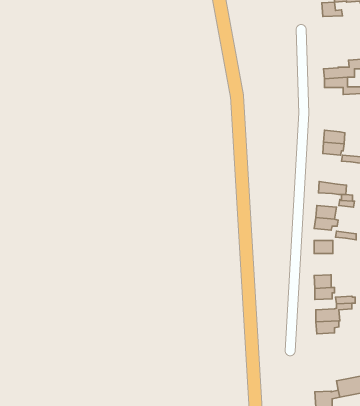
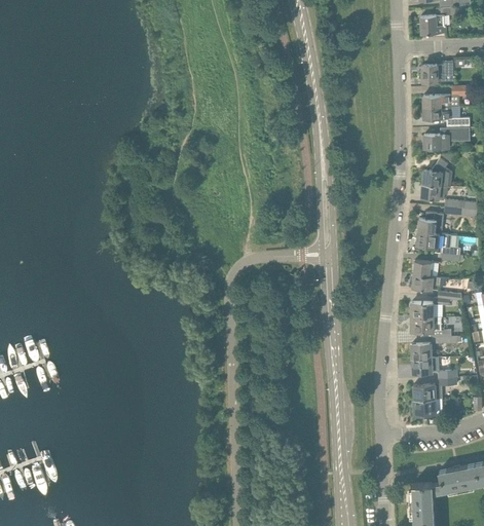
building: none -> [422,63,452,82]
building: none -> [423,128,449,150]
building: none -> [417,213,442,235]
building: none -> [411,318,451,338]

